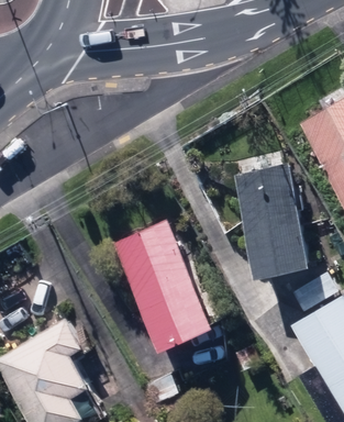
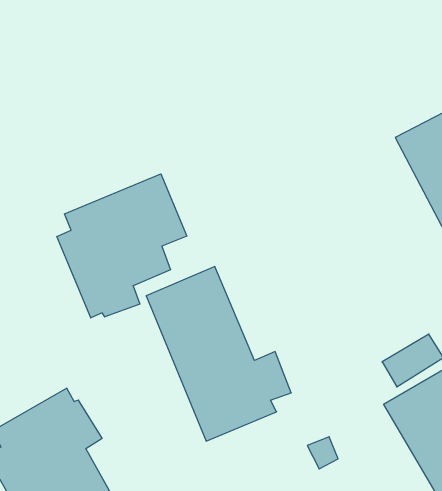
building: none -> [57,174,187,318]
building: [234,168,308,280] -> none

